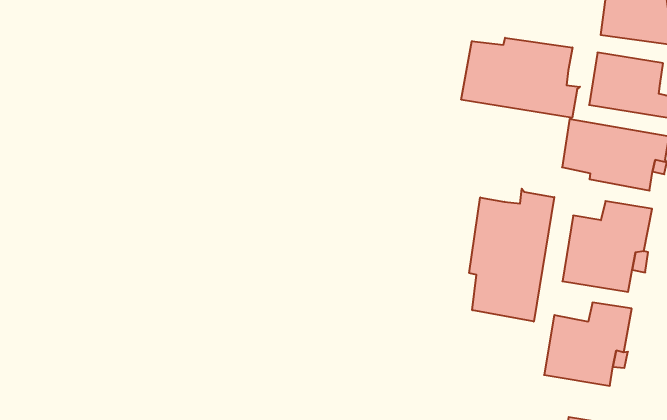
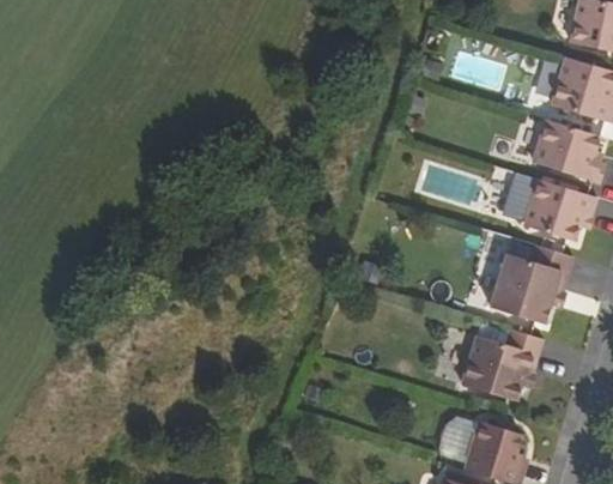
building: [461,38,580,118] -> none
building: [469,189,554,322] -> none

